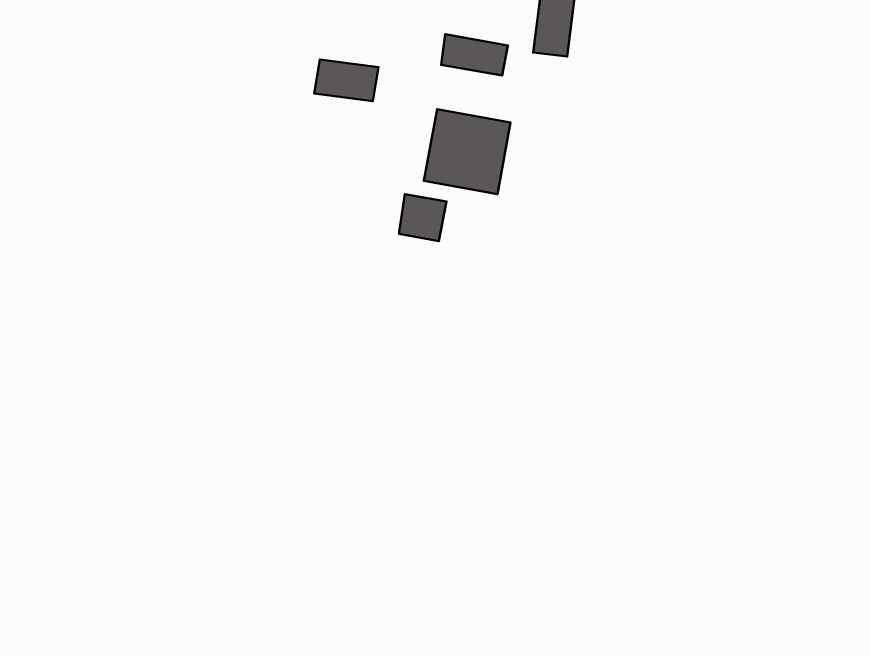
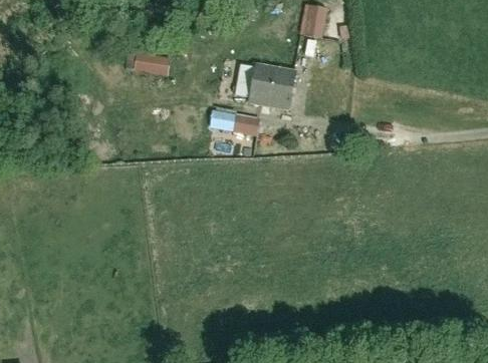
building: [441,34,508,76] -> none
building: [314,60,378,101] -> [135,54,169,76]

